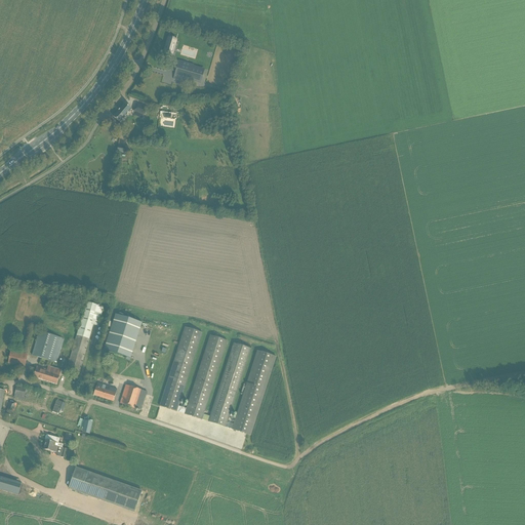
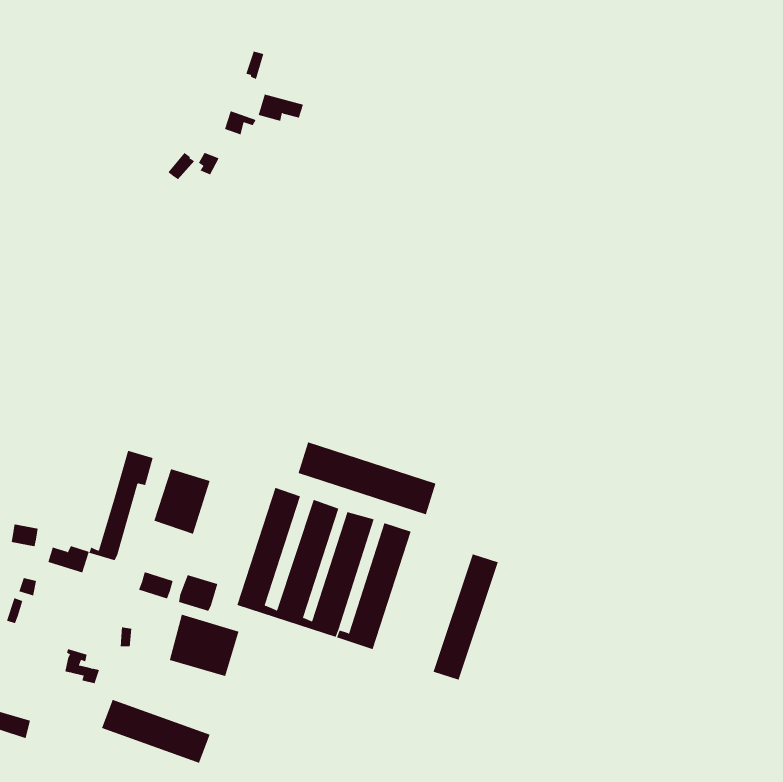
building: none -> [298,442,436,515]
building: [31,329,63,361] -> none
building: none -> [433,553,498,680]
building: none -> [169,614,239,677]

